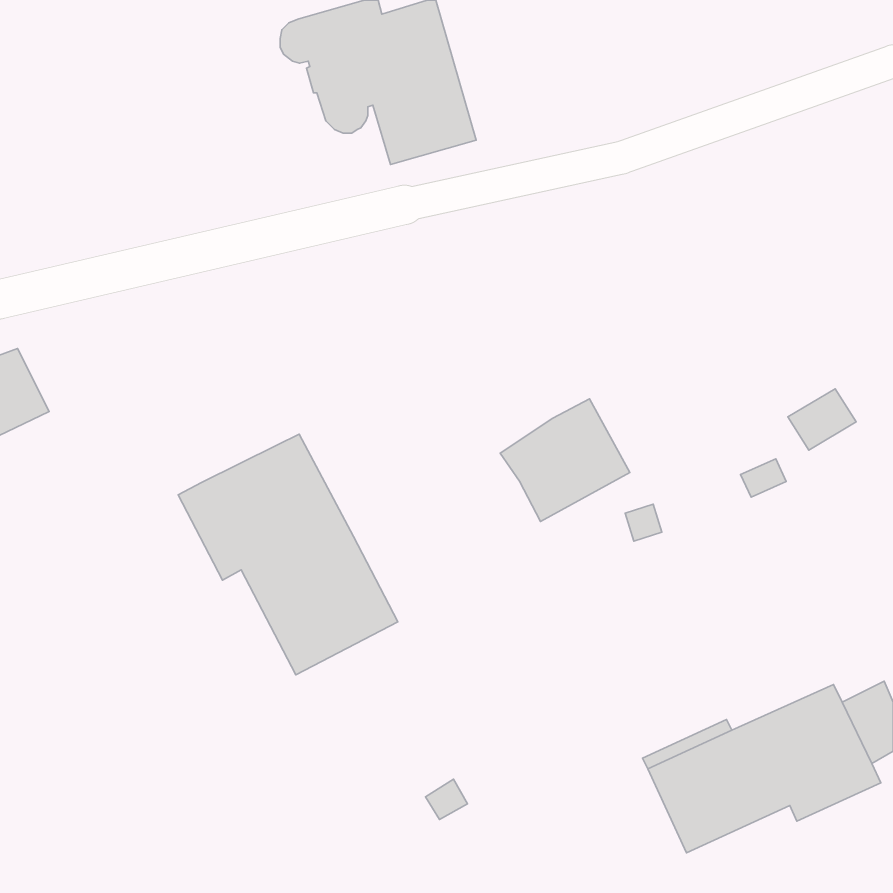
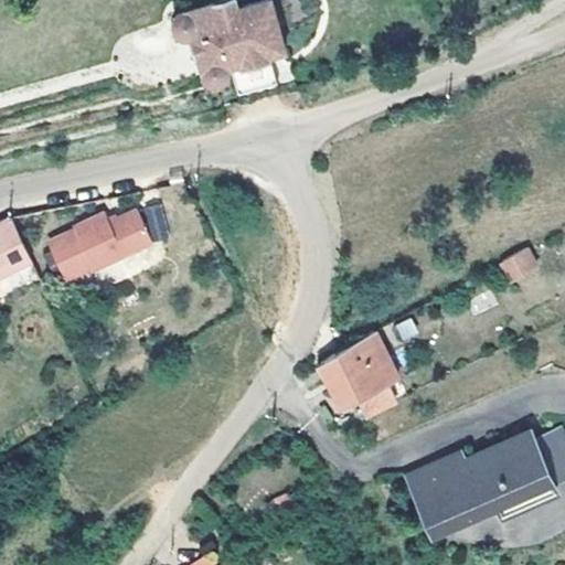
building: none -> [47,210,150,279]
building: [500,399,630,522] -> [316,335,397,413]
building: [178,434,398,675] -> none

